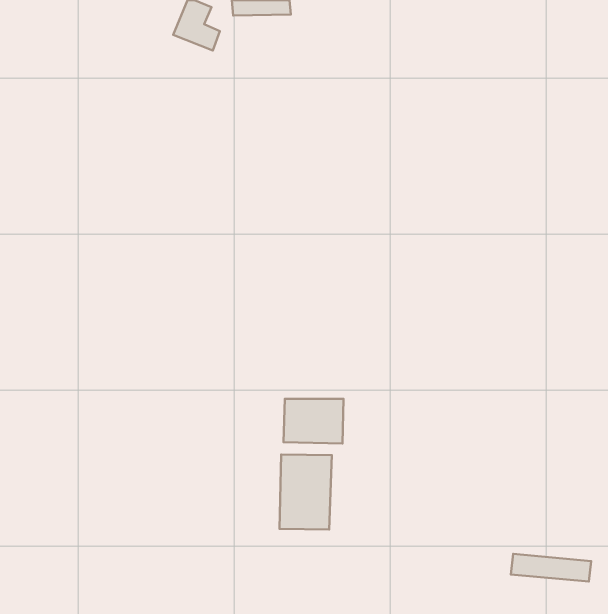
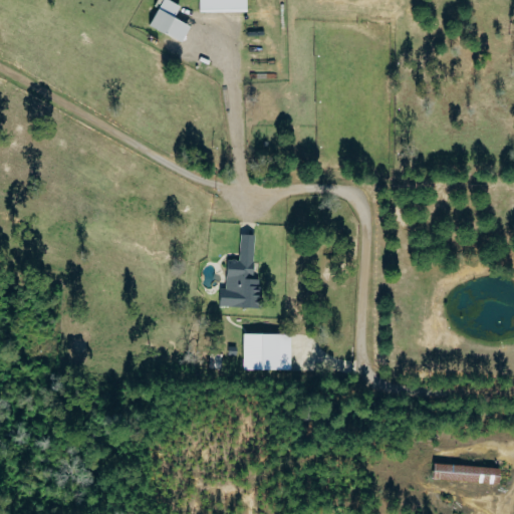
building: none -> [219,234,257,307]
building: [280,454,332,530] -> none

